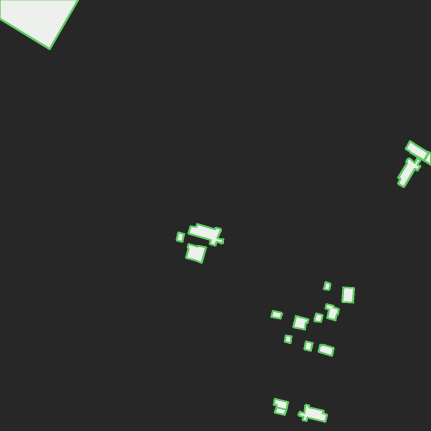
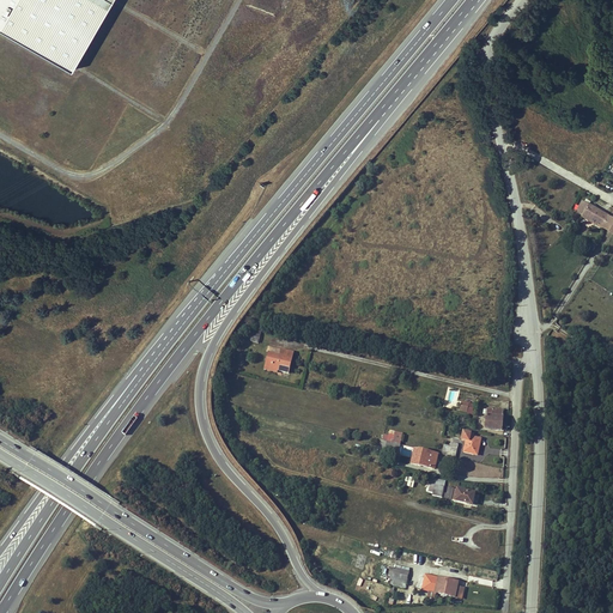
building: [398,158,421,187] -> none
building: [189,224,223,246] -> none

